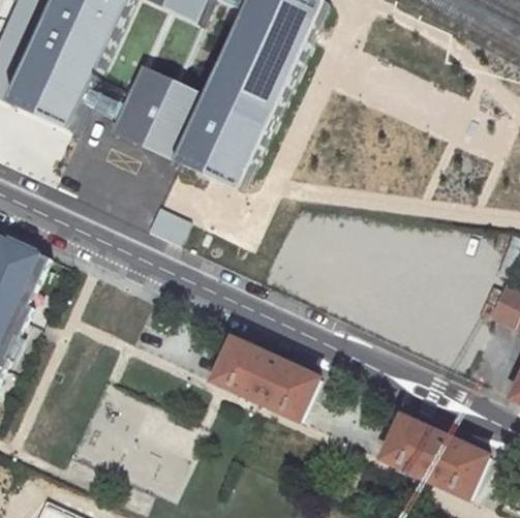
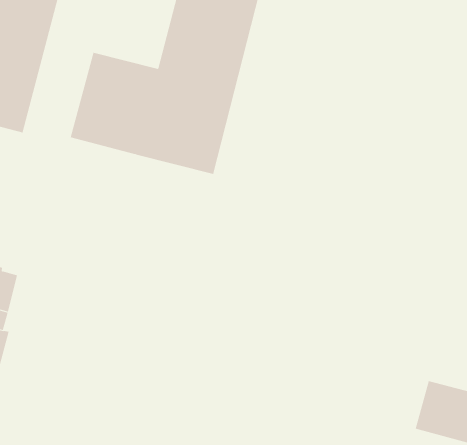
building: [209,335,315,418] -> none

